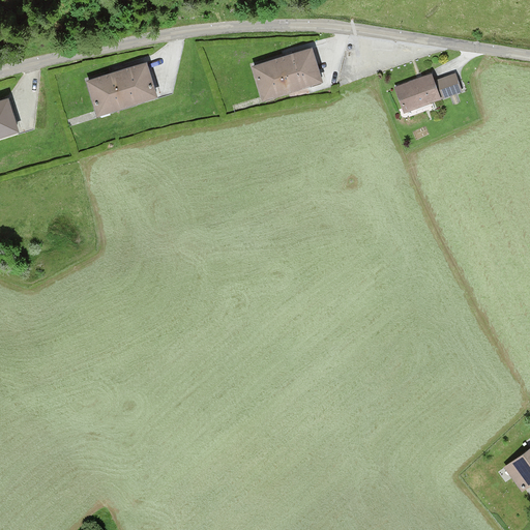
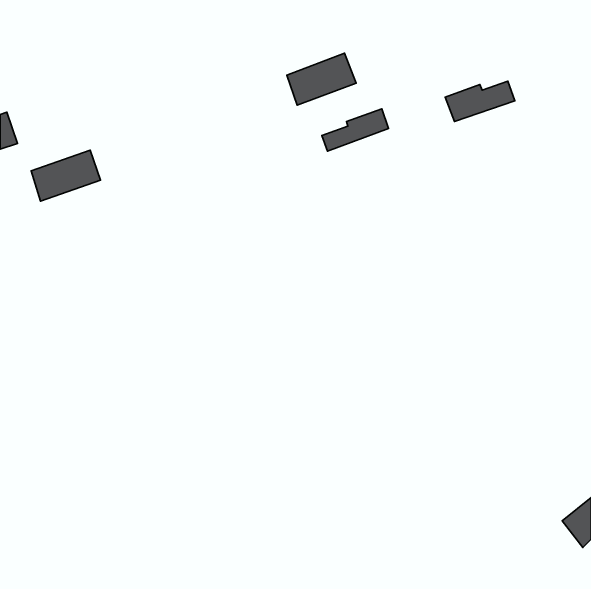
building: [96,65,158,111] -> [31,150,101,201]
building: none -> [322,109,388,151]

